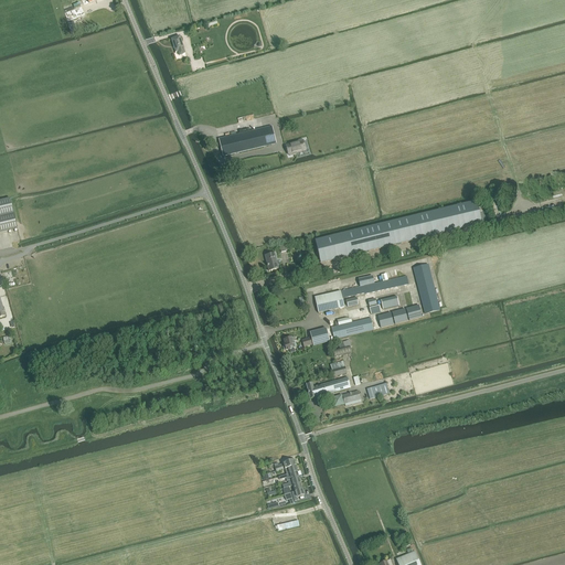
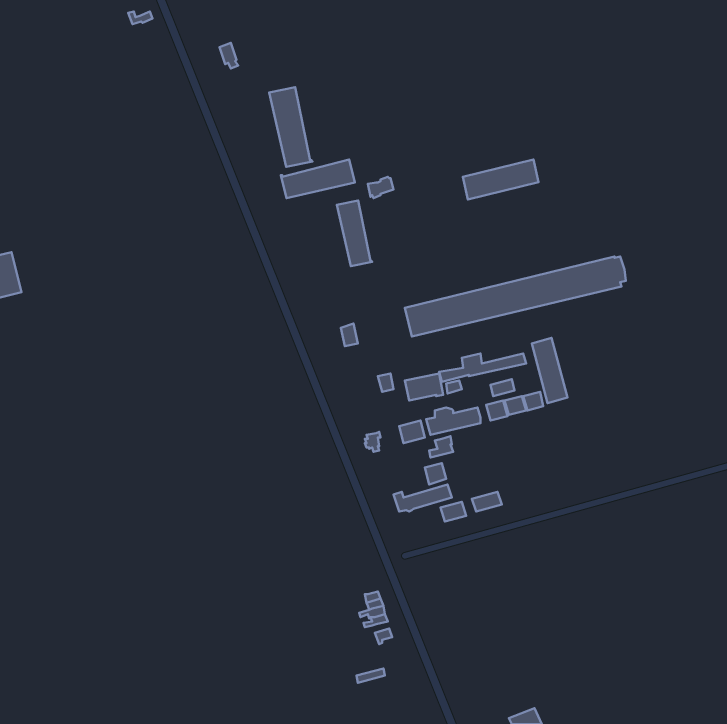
building: none -> [269,87,312,167]
building: none -> [463,159,538,199]
building: none -> [337,200,372,266]

